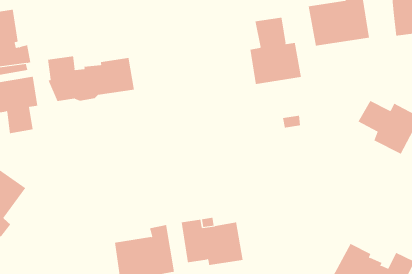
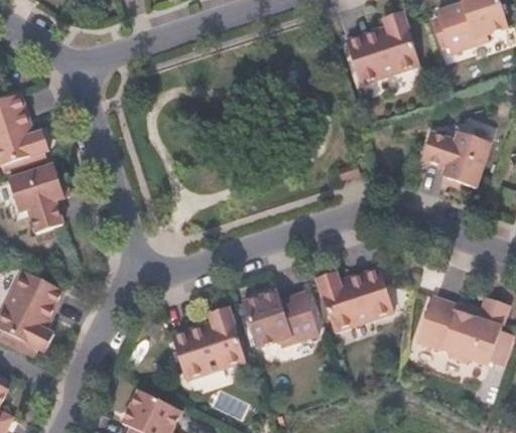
building: [250,17,302,85] -> none
building: [48,56,134,102] -> none
building: none -> [315,266,393,328]

